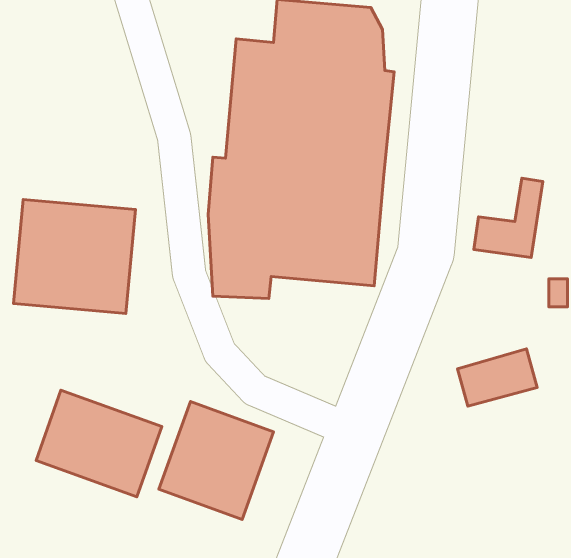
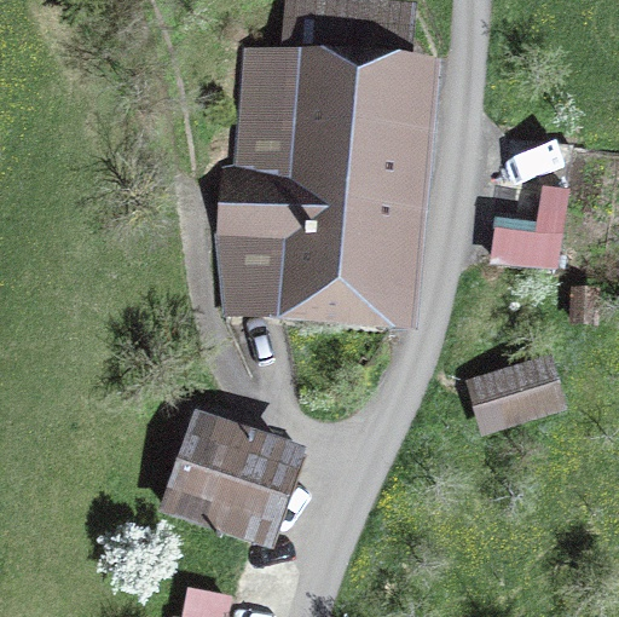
building: [13,200,135,313] -> none
building: [36,390,162,497] -> none

